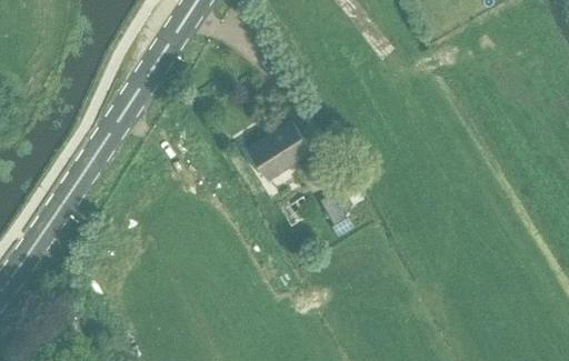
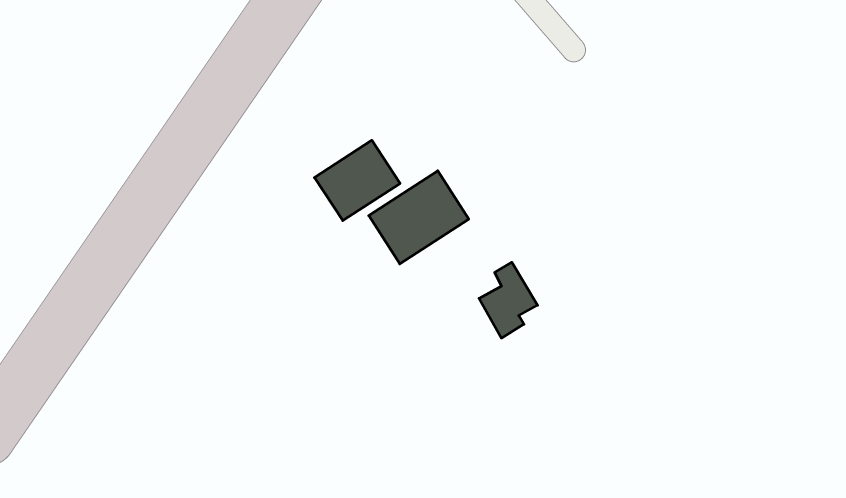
building: none -> [314,140,400,221]

